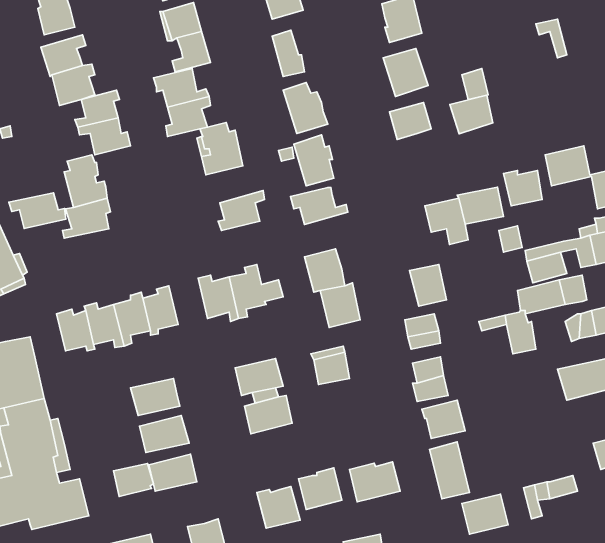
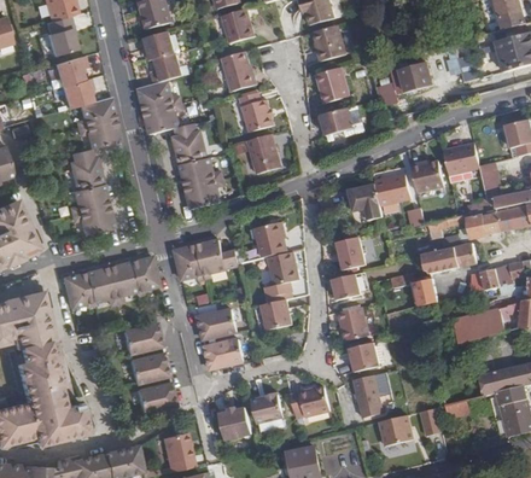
building: [450,95,493,134] -> [398,63,432,93]
building: [291,187,348,224] -> [179,158,223,187]
building: [9,193,66,228] -> [68,208,112,235]
building: [113,464,153,497] -> none

